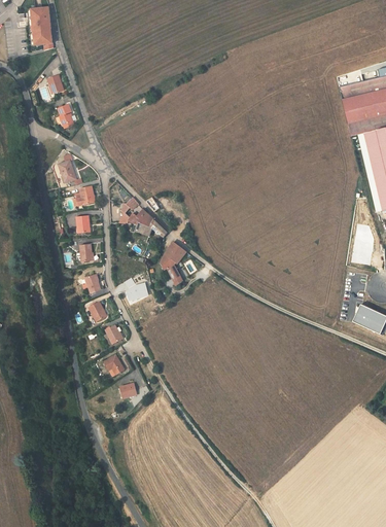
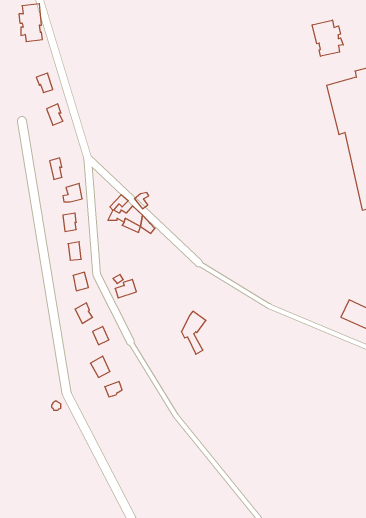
building: none -> [312,20,343,56]
building: [162,242,186,285] -> [181,311,206,354]

